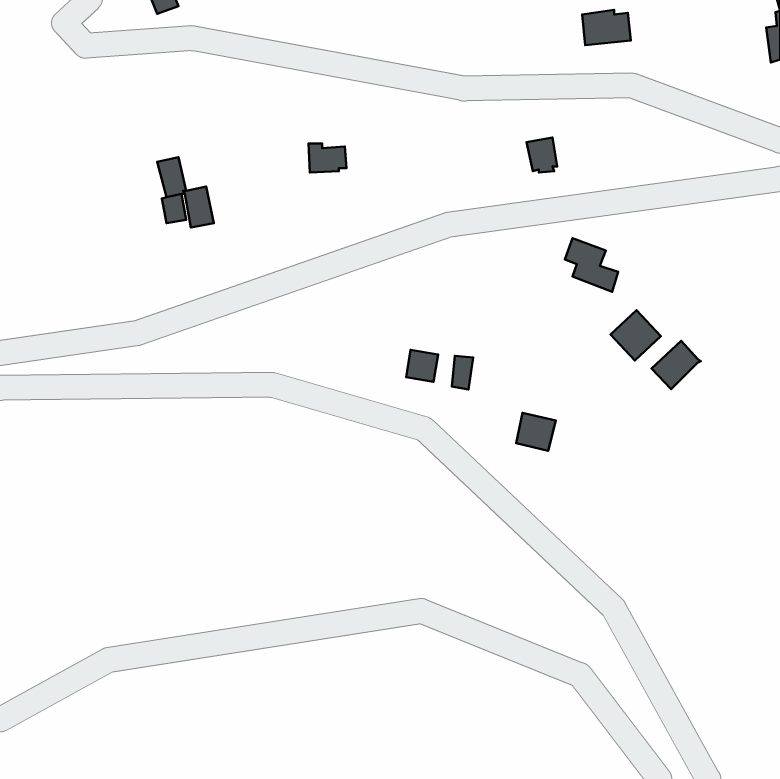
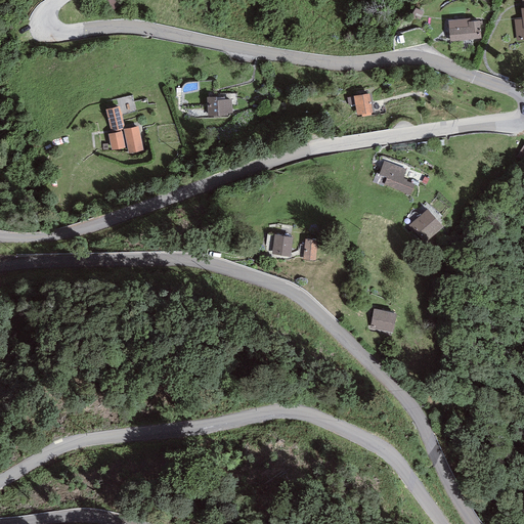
building: [582,10,631,45] -> [448,17,481,41]
building: [652,341,701,389] -> none
building: [516,413,556,451] -> [369,307,396,333]

